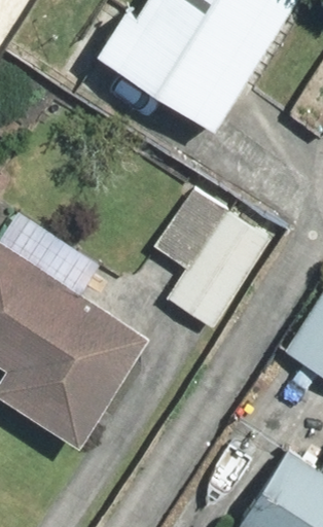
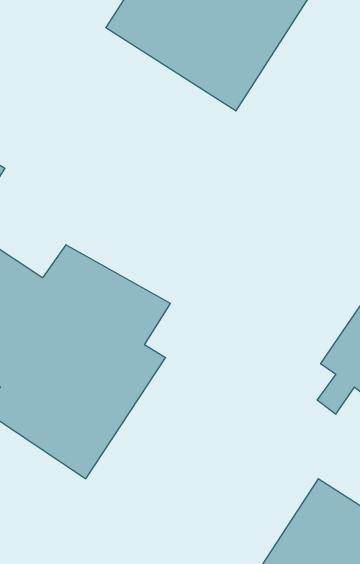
building: [155,187,274,331] -> none

